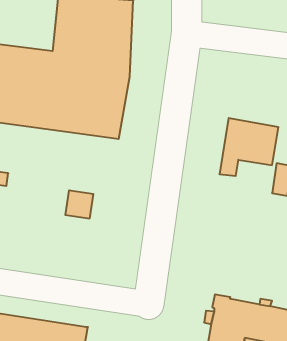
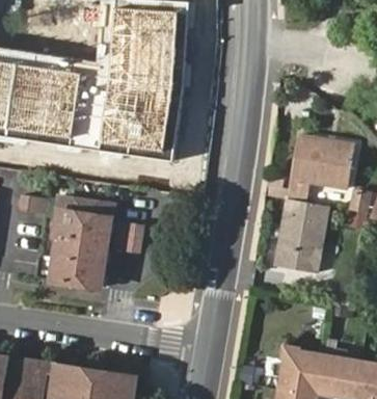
building: none -> [49,196,111,286]
building: none -> [276,201,329,274]

